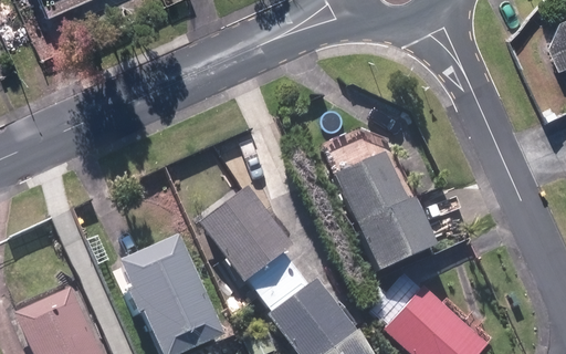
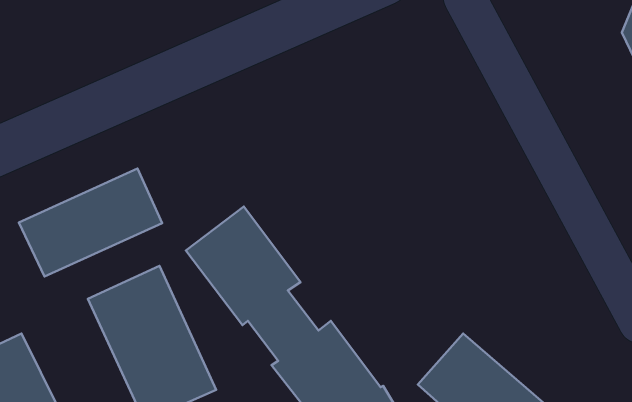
building: [336,152,437,269] -> none
building: none -> [19,169,162,276]

